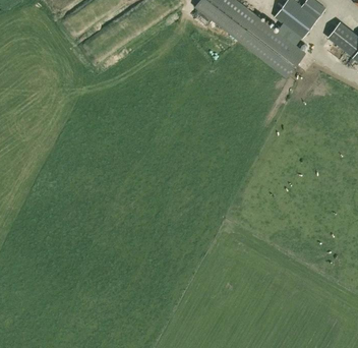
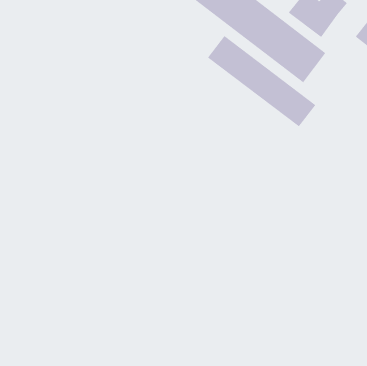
building: none -> [207,35,316,127]

